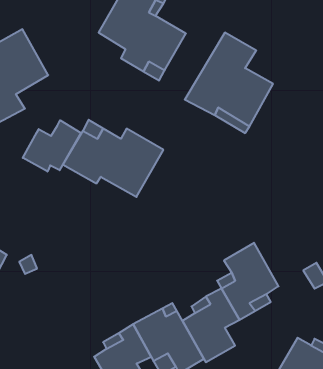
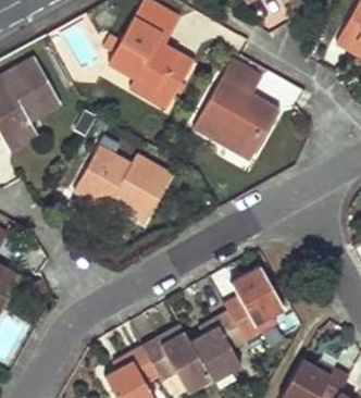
building: [23,120,81,172] -> none

